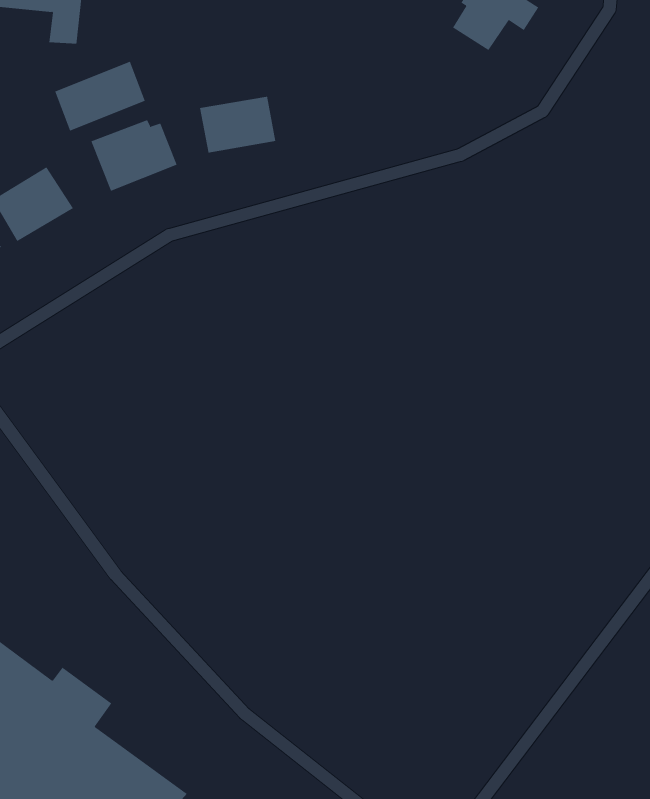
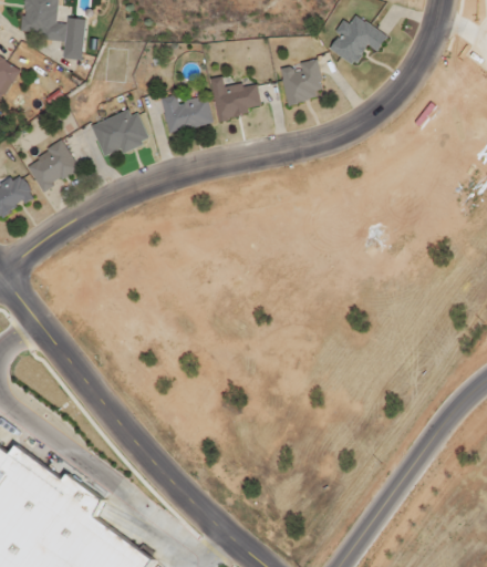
building: none -> [279,61,321,104]
building: [55,61,145,131] -> none
building: none -> [209,78,260,118]

